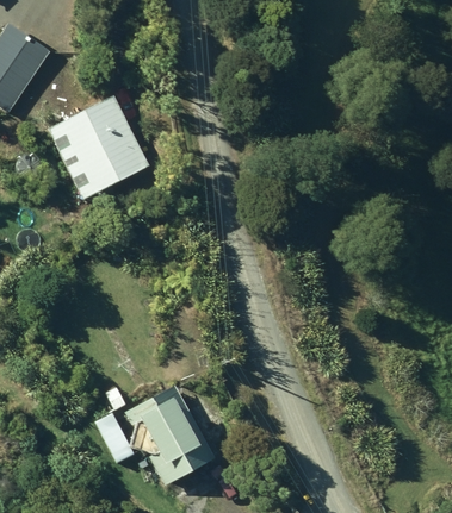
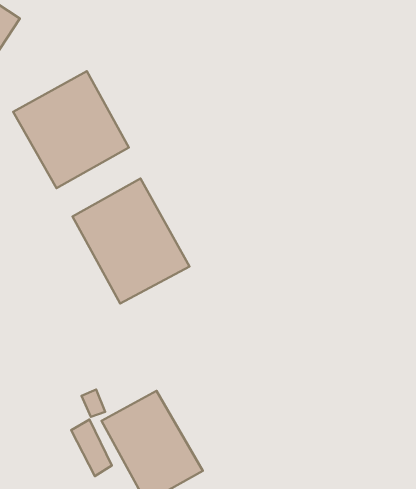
building: none -> [72,179,189,303]

